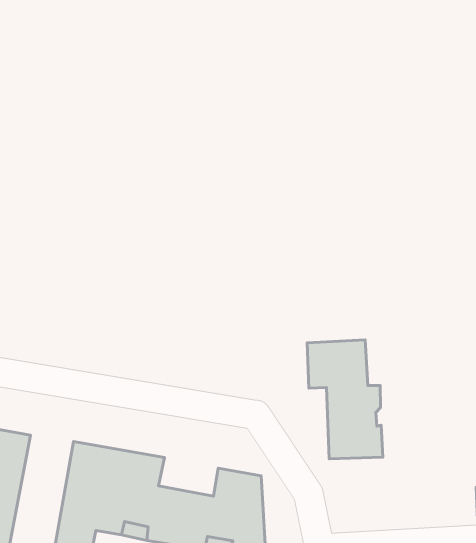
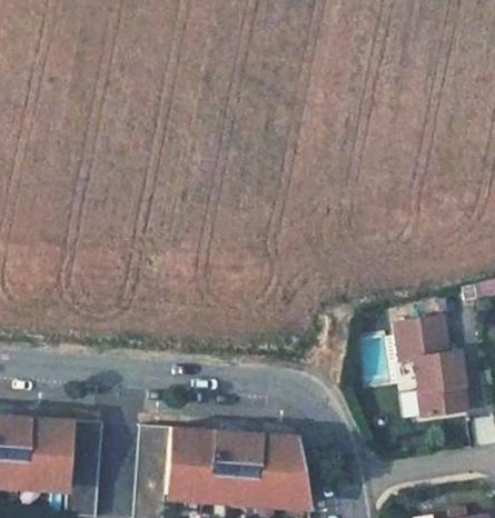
building: [307,340,383,459] -> [393,321,465,421]

